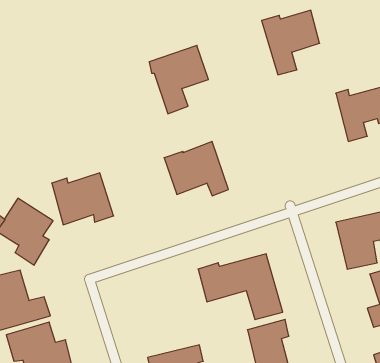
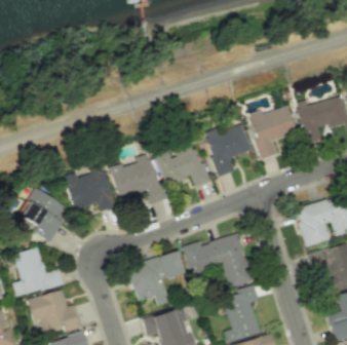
building: [262,10,320,75] -> [248,107,296,159]
building: [149,45,208,114] -> [203,122,252,178]
building: none -> [109,153,163,199]
building: none -> [128,253,185,306]

